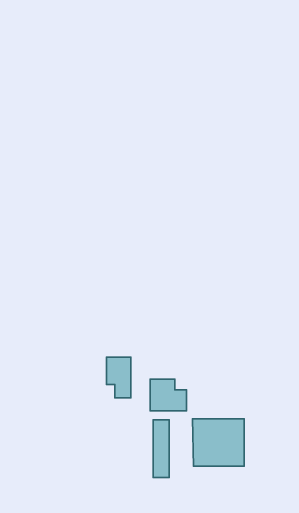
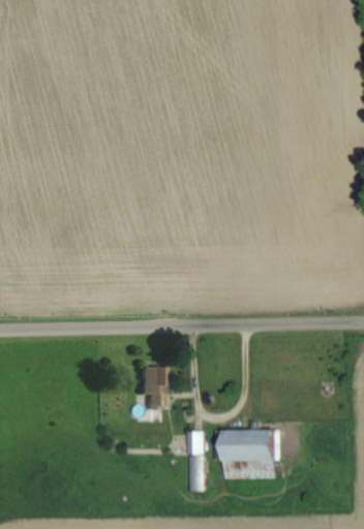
building: [150,379,186,411] -> none

